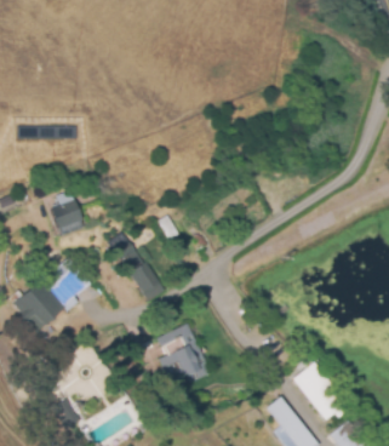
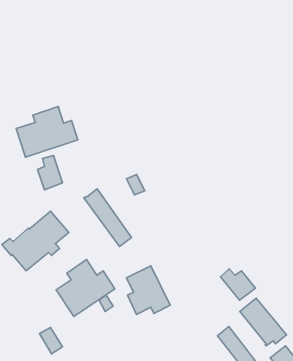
building: none -> [16,107,78,157]
building: none -> [56,259,115,316]
building: none -> [220,269,256,300]

